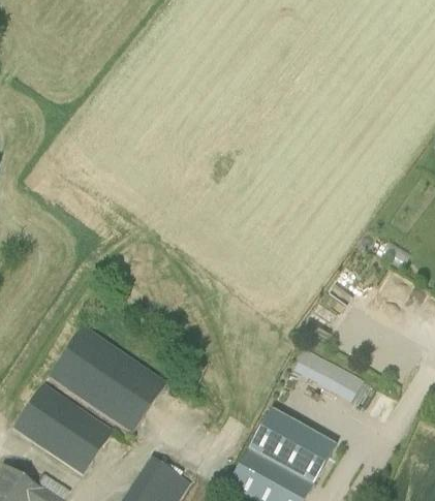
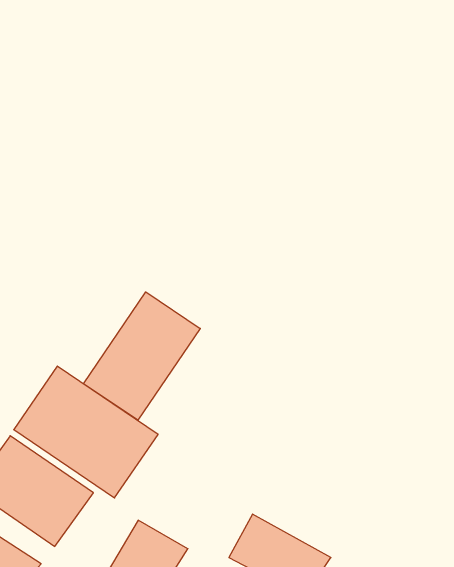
building: none -> [83,292,200,420]
building: [294,345,369,404] -> none
building: [246,410,334,486] -> none

